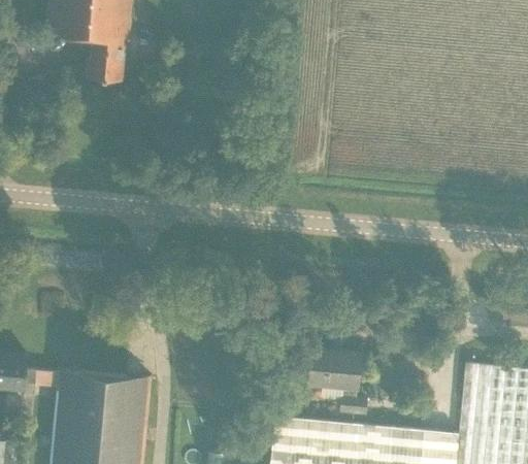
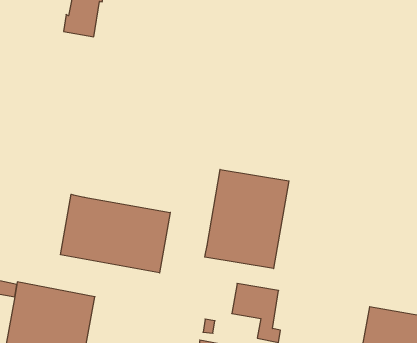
building: none -> [205,169,289,269]
building: none -> [61,194,170,273]

